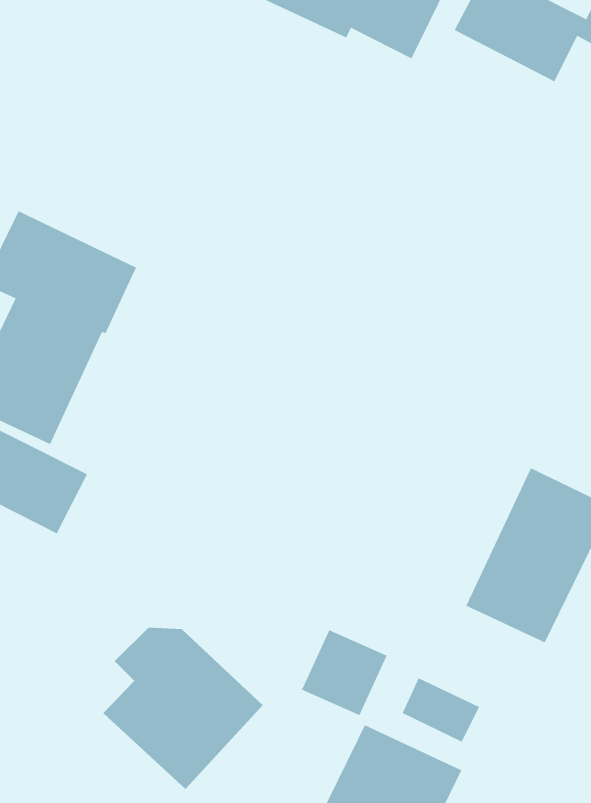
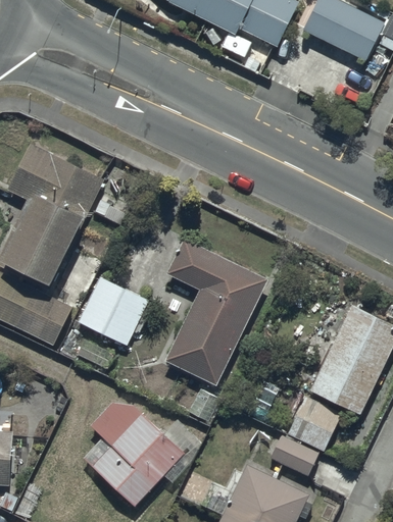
building: none -> [165,239,268,384]
building: none -> [79,276,148,345]
building: [301,630,387,716] -> [288,396,342,450]

